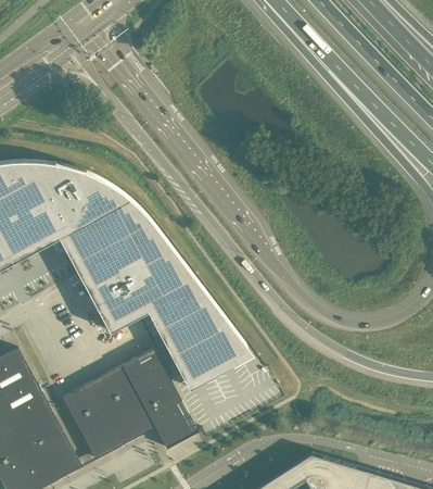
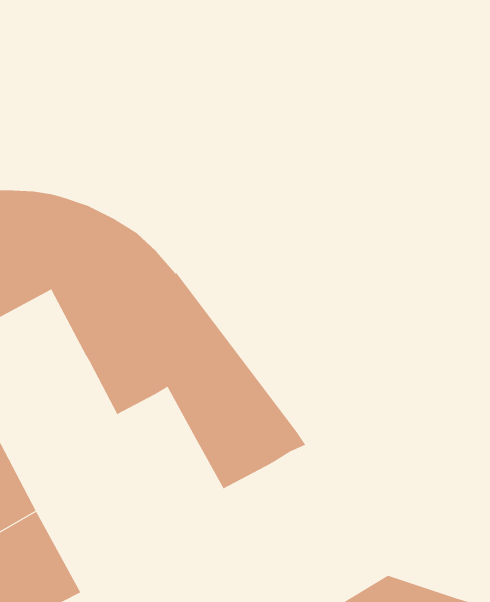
building: [62,350,198,460] -> none

